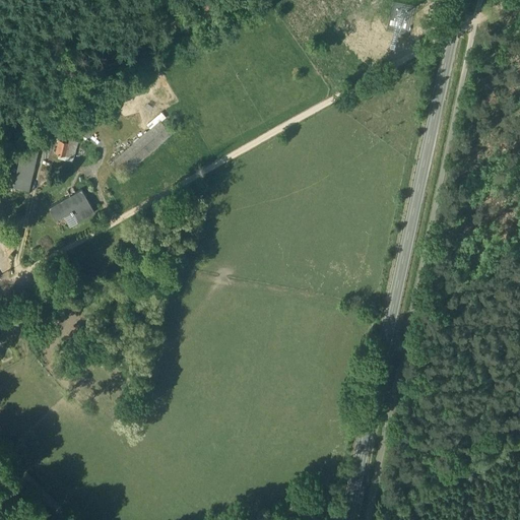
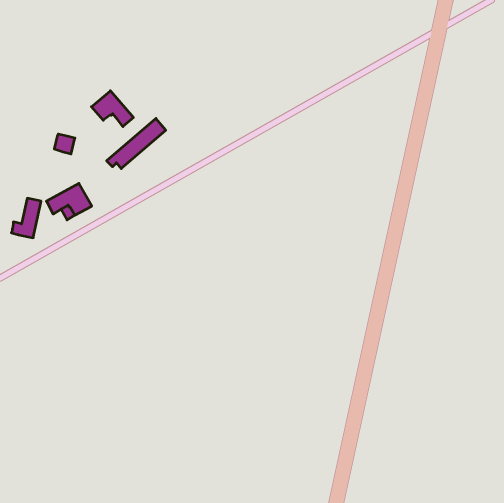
building: none -> [91,91,133,127]
building: [6,150,37,191] -> [11,198,41,238]

